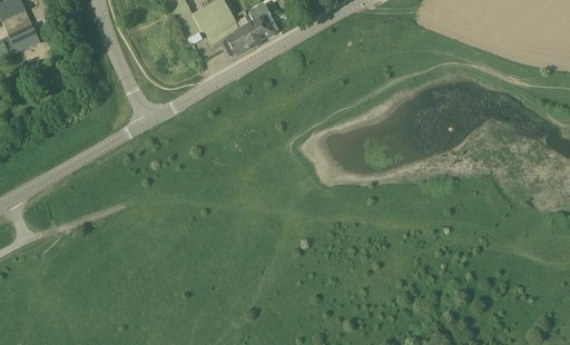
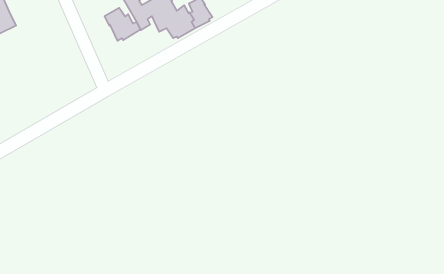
building: none -> [105,8,141,41]

